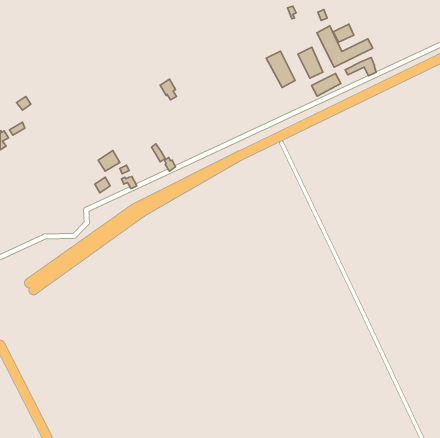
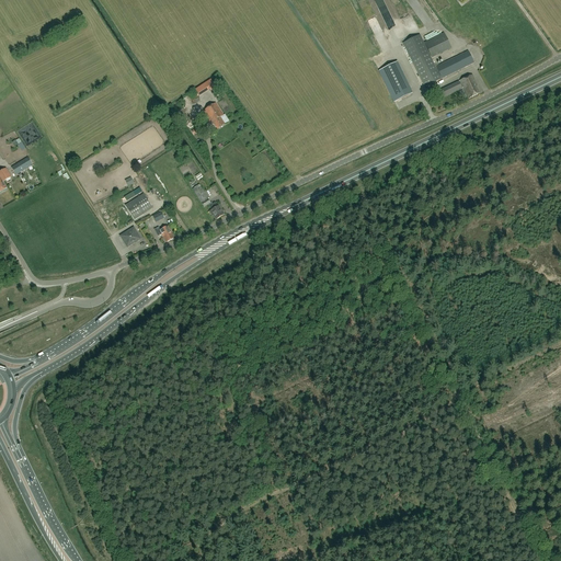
building: [266,51,295,87] -> none
building: [312,74,341,96] -> none

